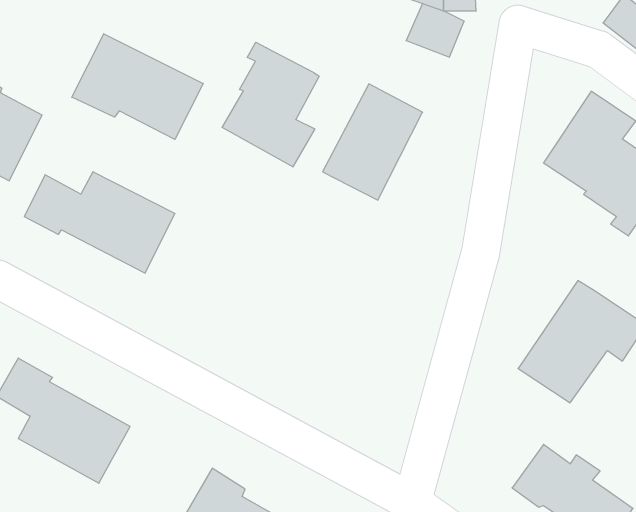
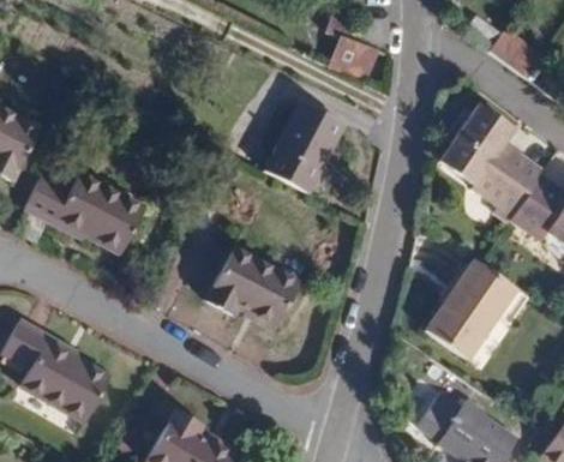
building: [72,34,203,139] -> none
building: [222,42,319,167] -> none
building: none -> [205,246,299,328]

